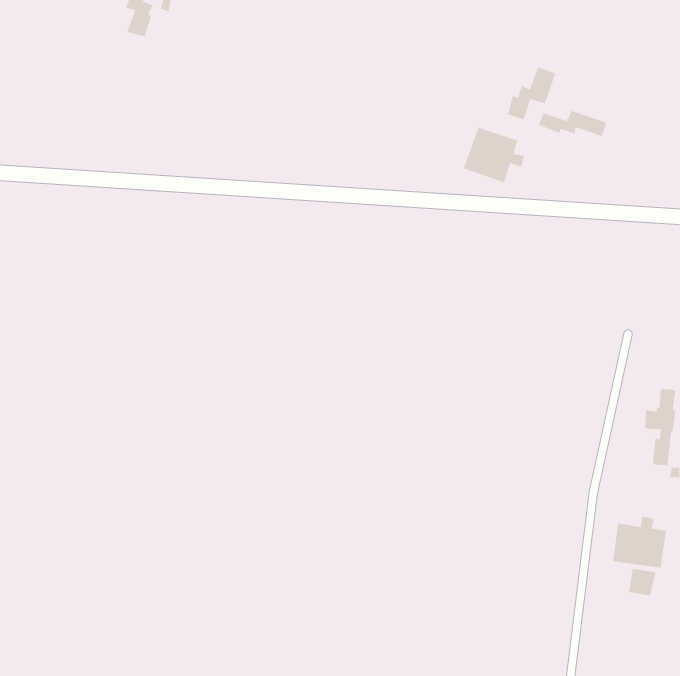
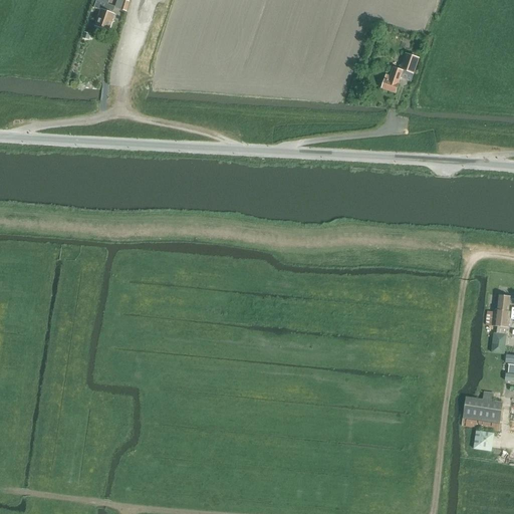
building: [538,110,607,137] -> none
building: [463,127,525,183] -> none

